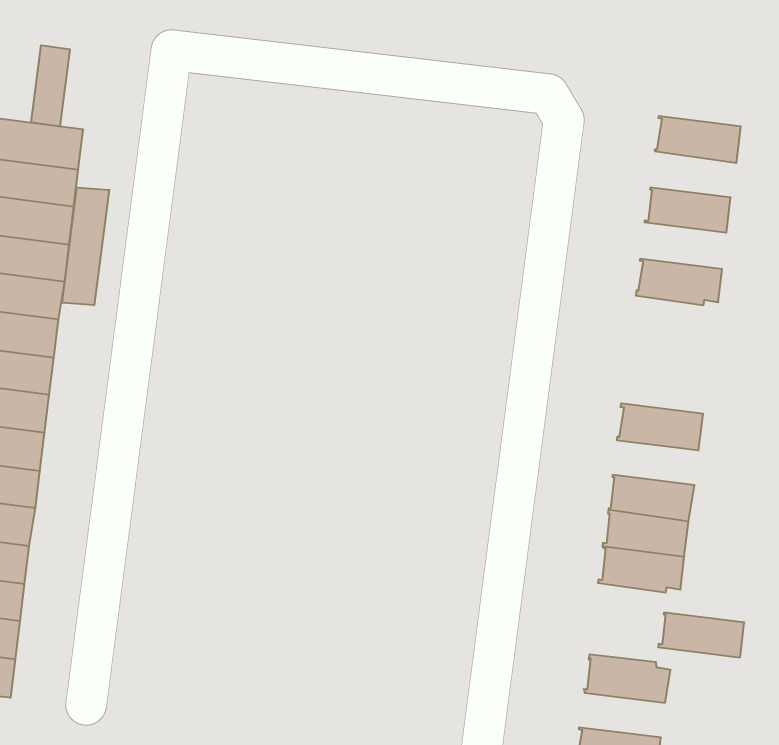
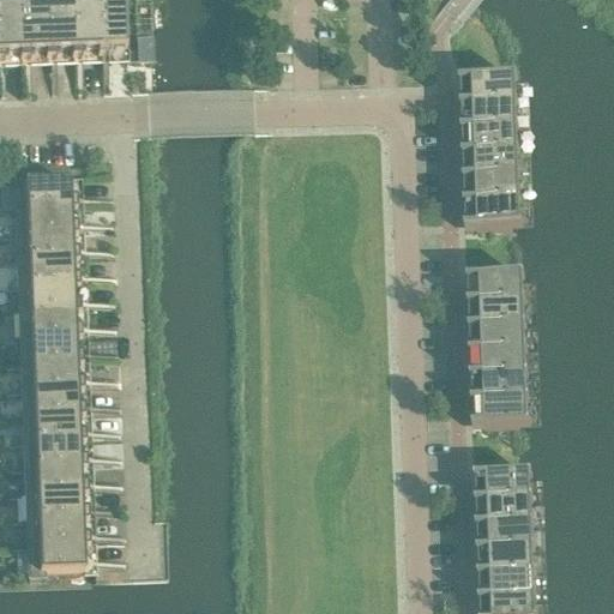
building: [31,45,70,127] -> none
building: none -> [456,68,513,96]
building: none -> [458,119,514,145]
building: [62,187,109,305] -> none
building: none -> [459,167,517,194]
building: none -> [464,266,520,294]
building: none -> [465,317,523,343]
building: [658,613,744,657] -> [472,490,529,517]

